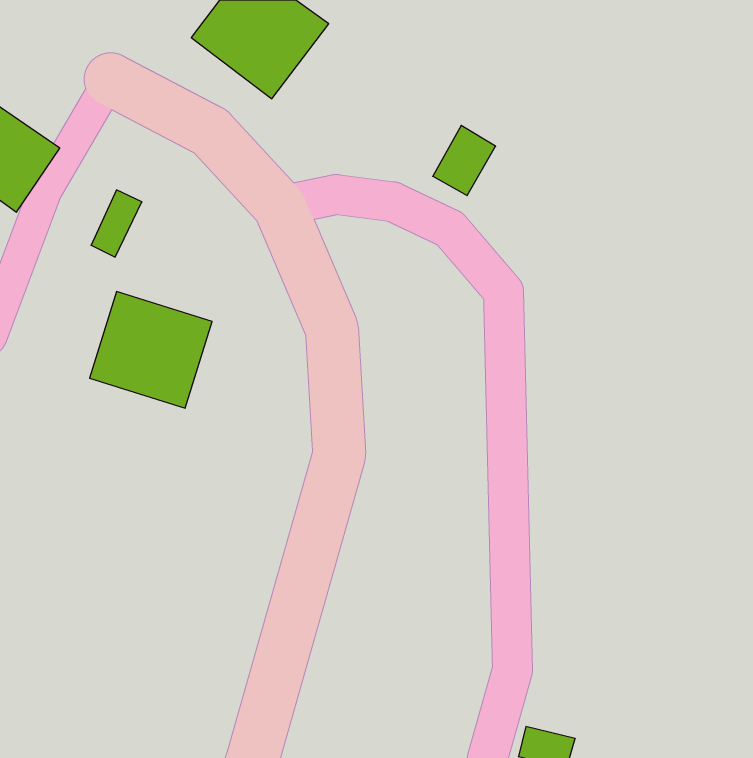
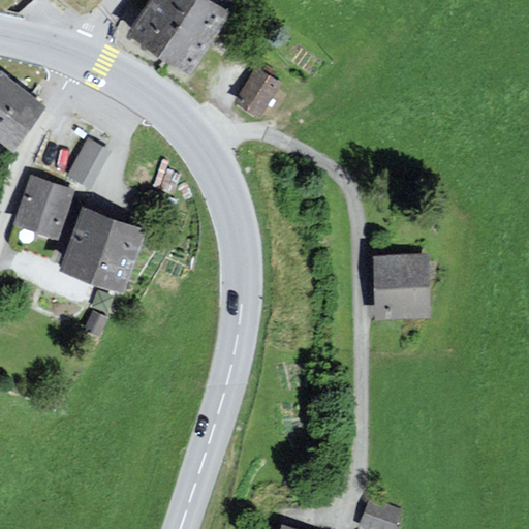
building: [433,125,496,196] -> [235,67,278,116]
building: none -> [20,179,68,237]
building: none -> [375,259,427,313]

